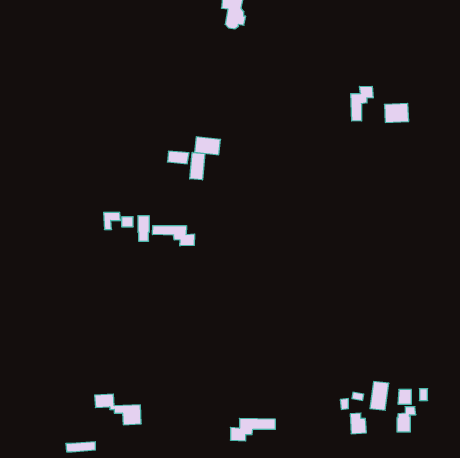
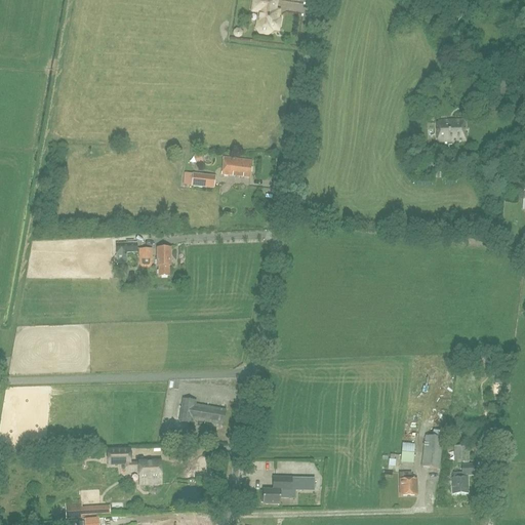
building: [351,86,373,121] -> none
building: [190,152,205,180] -> none
building: [153,226,195,246] -> none
building: none -> [179,397,226,422]

